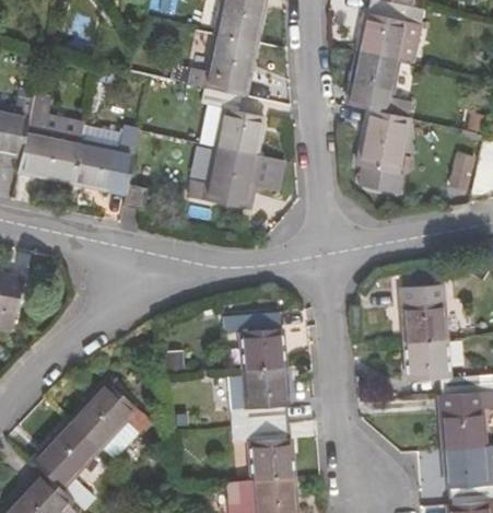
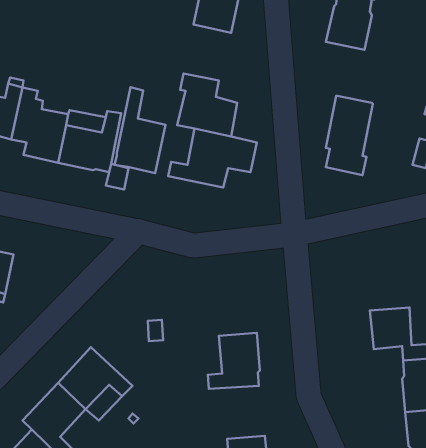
building: [191,33,257,93] -> none
building: [351,51,411,117] -> none
building: none -> [114,87,165,173]
building: [402,284,448,340] -> none
building: [224,312,284,368] -> none
building: [233,421,293,478] -> none

